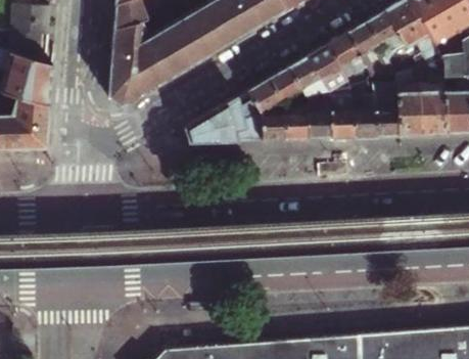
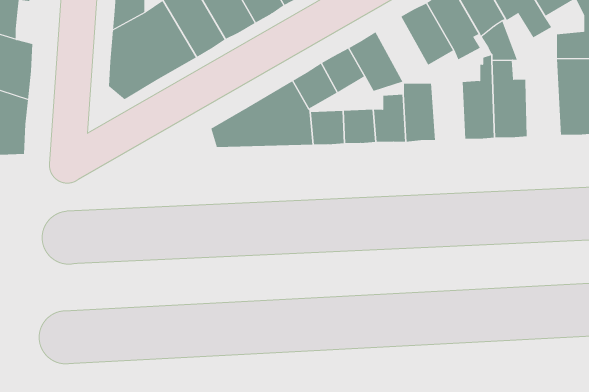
building: [309,44,347,91] -> none
building: [420,76,447,134] -> none
building: [350,93,375,137] -> none

